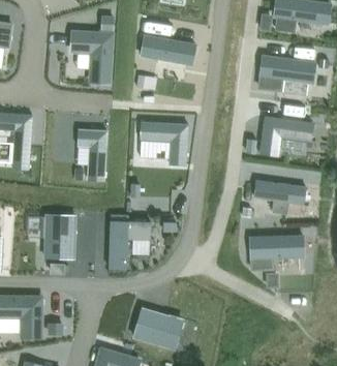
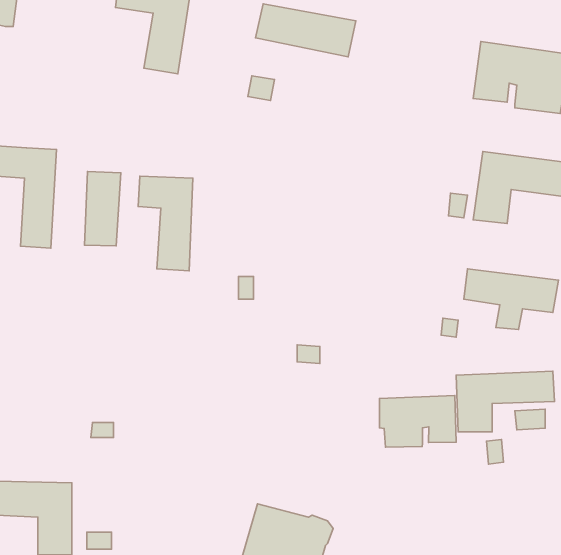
building: [140,121,188,164] -> none
building: none -> [85,172,121,246]
building: [44,215,75,257] -> none
building: [109,220,151,269] -> none
building: none -> [380,395,456,447]

